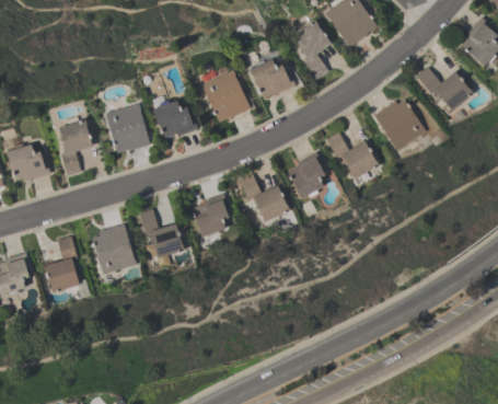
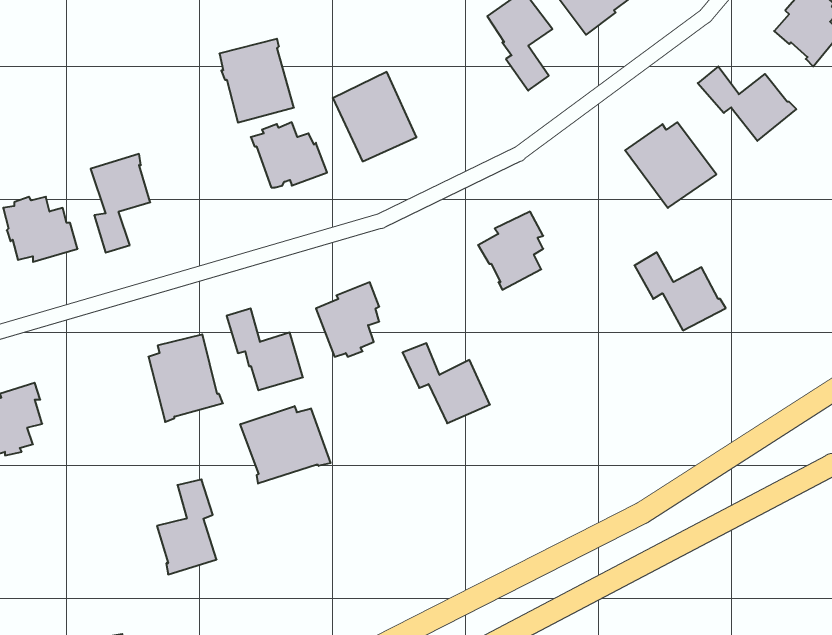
building: [248,59,294,97] -> none
building: [105,104,149,153] -> [219,39,294,123]
building: [325,132,379,178] -> [634,252,726,330]
building: [238,175,289,222] -> [402,343,490,423]
building: [45,238,80,293] -> [157,479,217,574]
building: none -> [240,406,331,484]

